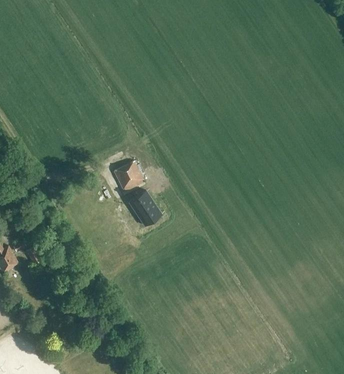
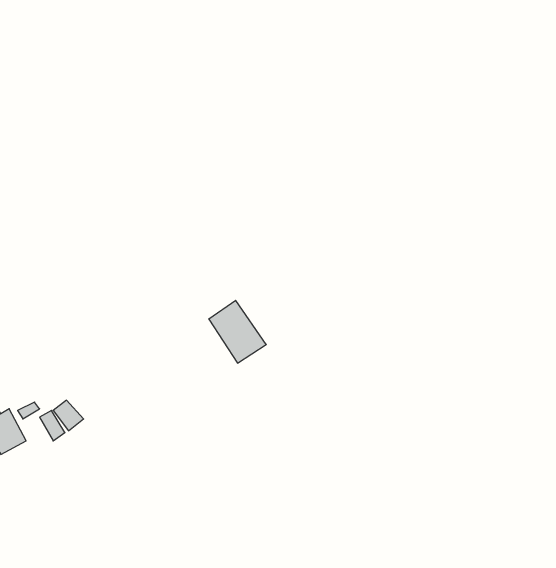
building: [111,158,143,191] -> none

